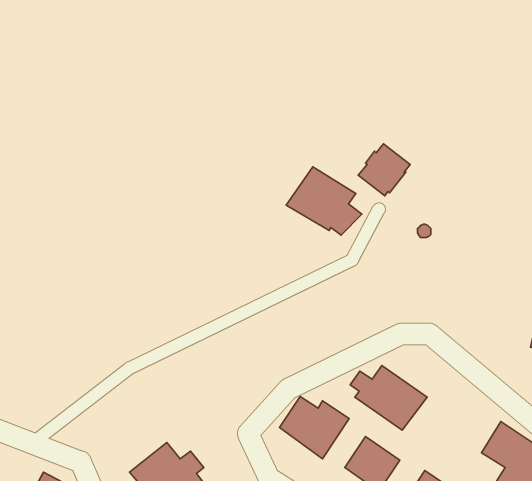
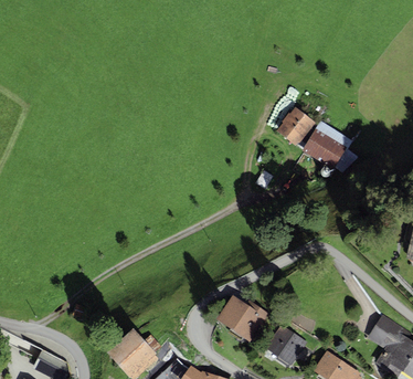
building: [286,167,362,235] -> [301,122,358,172]
building: [350,366,427,430] -> none

